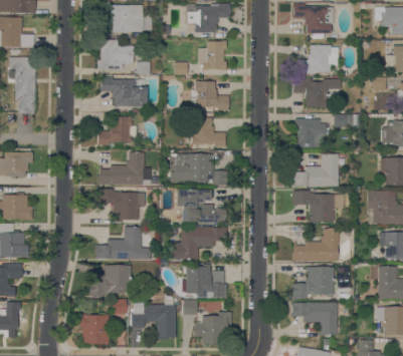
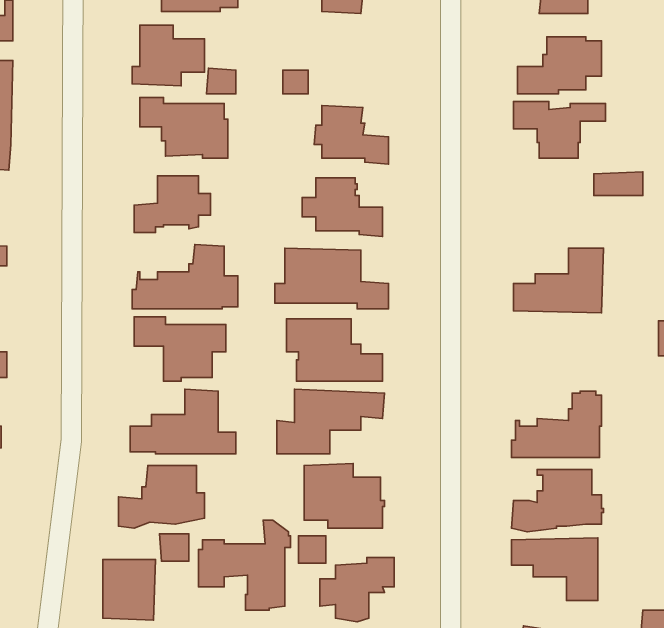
building: [199,41,226,70] -> none
building: [295,118,327,149] -> none
building: [293,191,345,224] -> none

